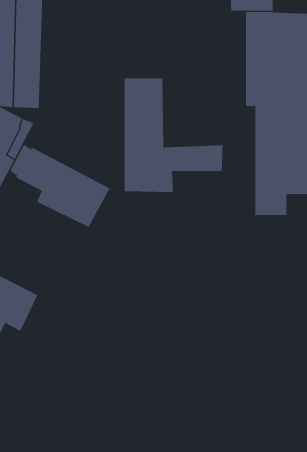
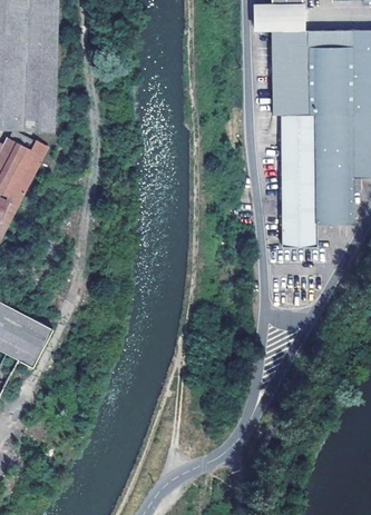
building: [124,78,223,193] -> none
building: [9,144,111,228] -> none

